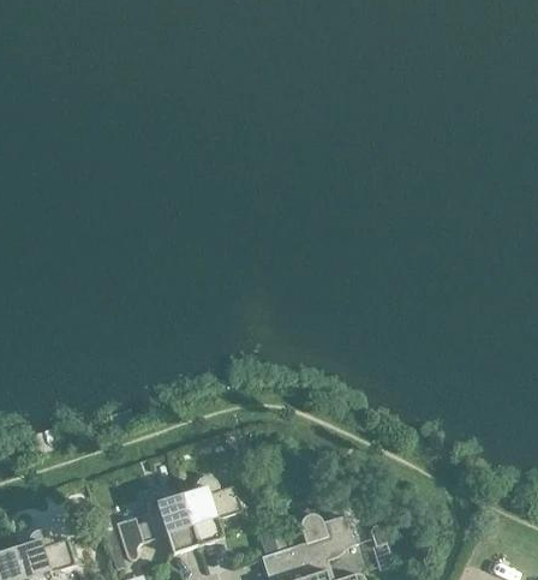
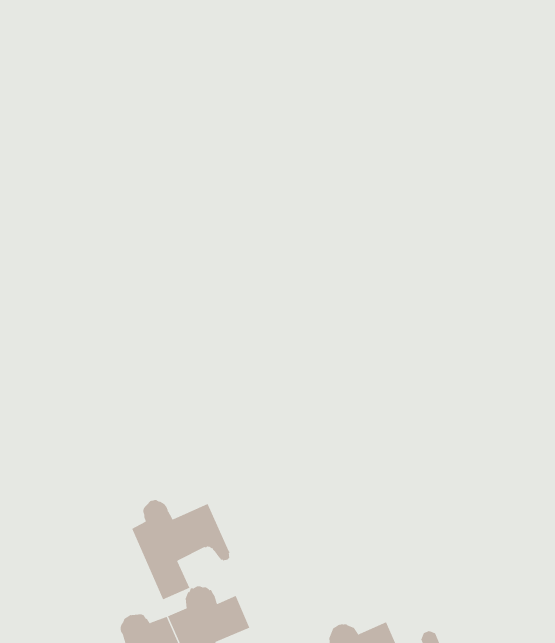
building: none -> [131,499,230,600]

